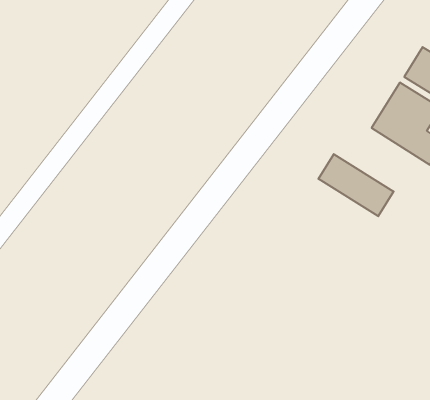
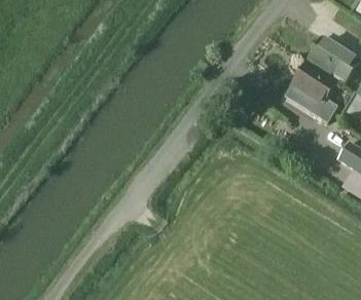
building: [318,154,394,216] -> none

